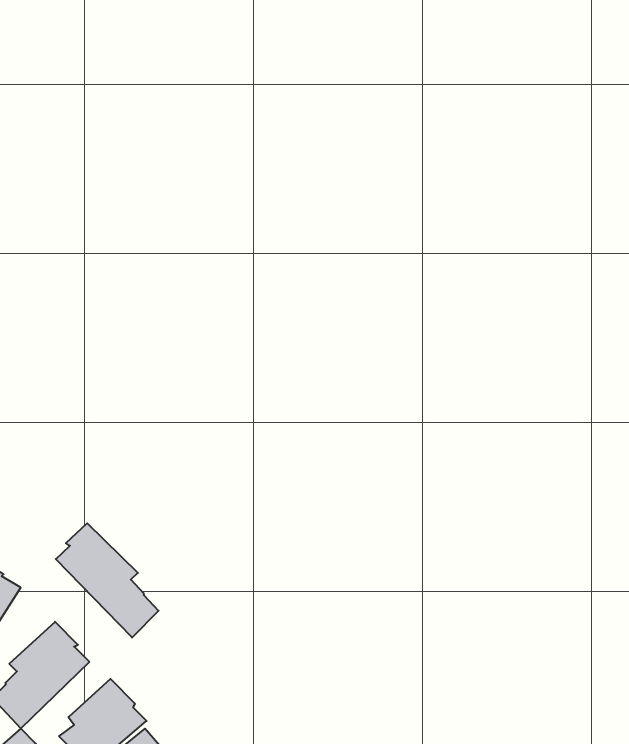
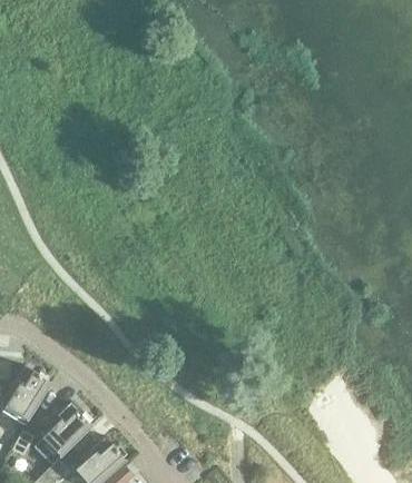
building: [56,523,159,638] -> none

